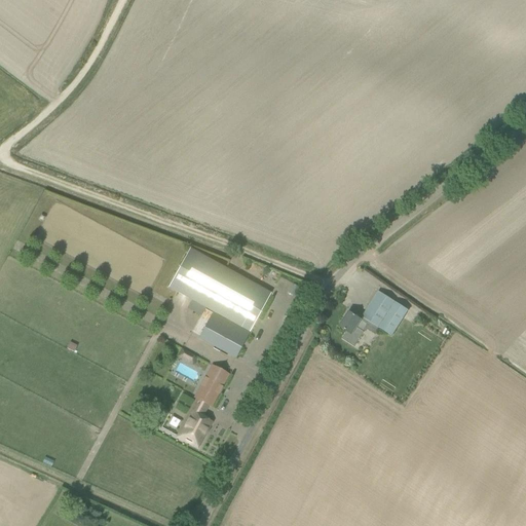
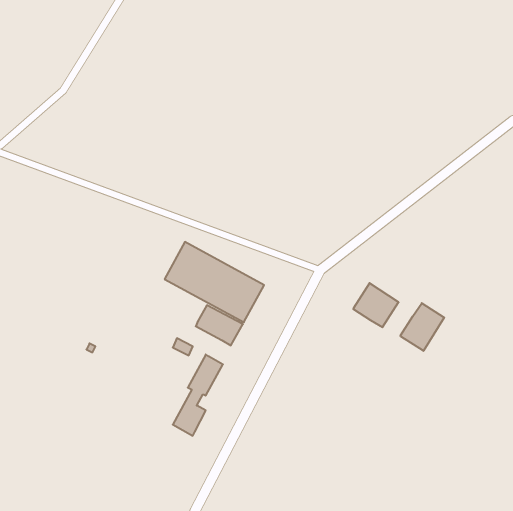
building: none -> [401,303,444,351]
building: [339,310,368,345] -> none

